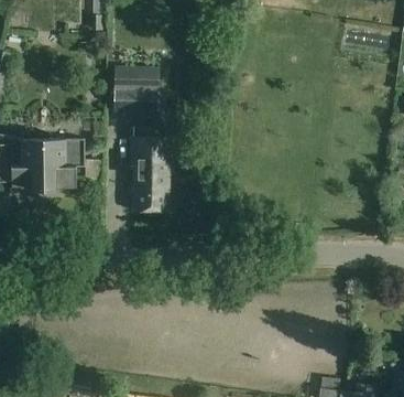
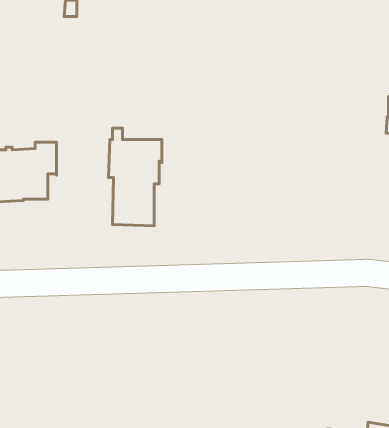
building: [116,66,160,110] -> none

